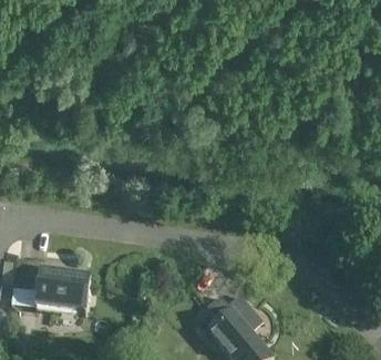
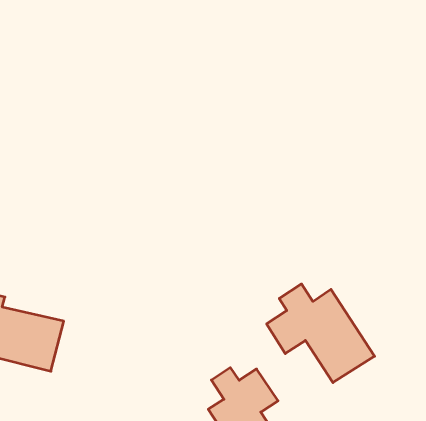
building: none -> [267,284,375,383]

